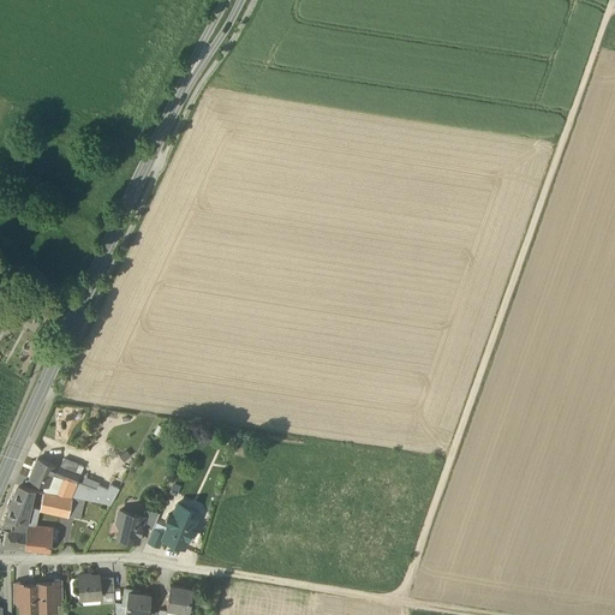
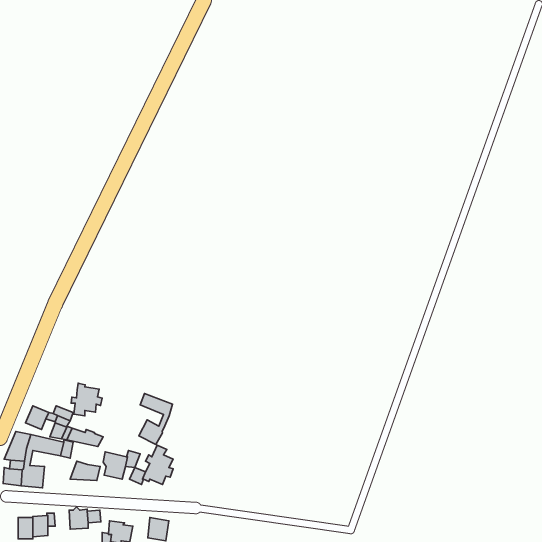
building: none -> [71,383,102,416]
building: none -> [139,394,173,444]
building: none -> [70,461,100,480]

